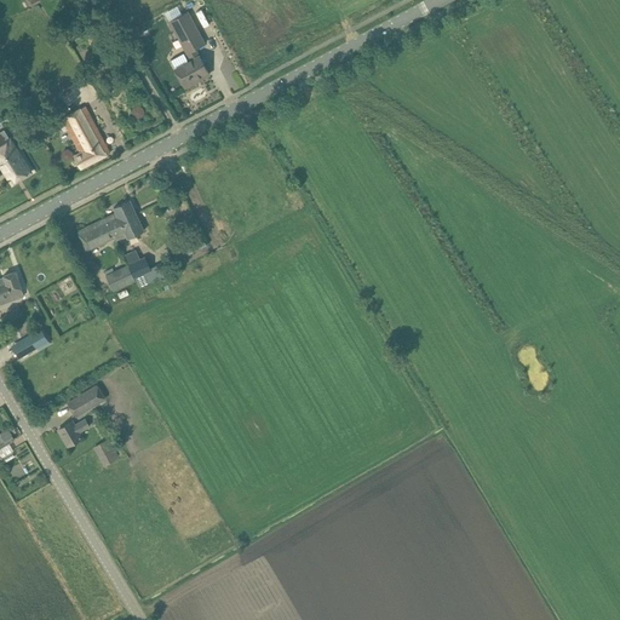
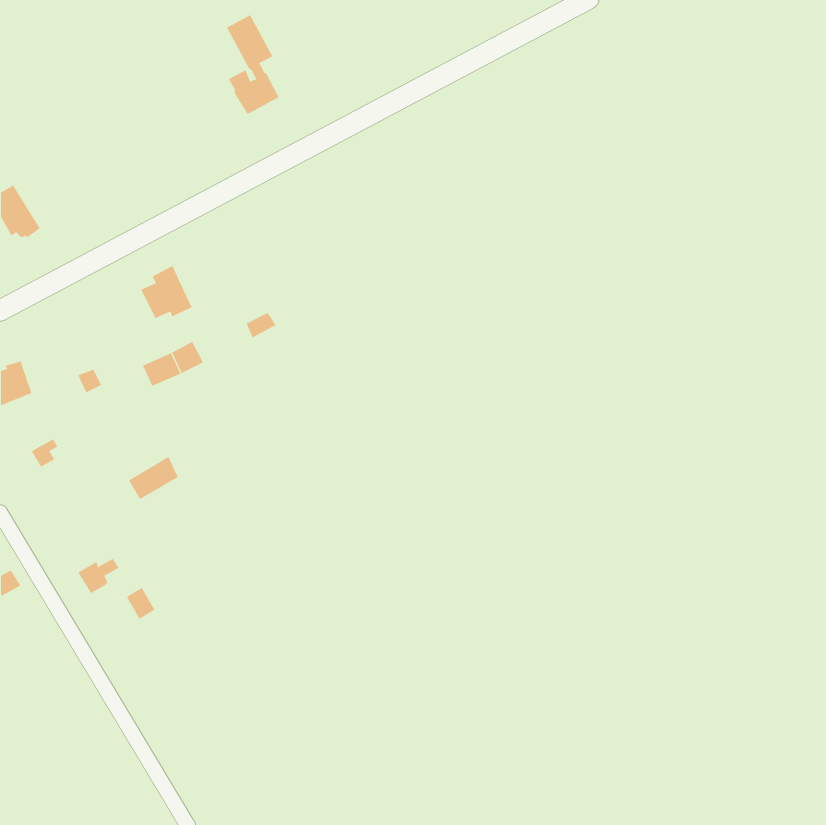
building: [62,104,110,167] -> none
building: [78,217,115,249] -> none
building: [68,383,105,415] -> [128,456,178,500]

